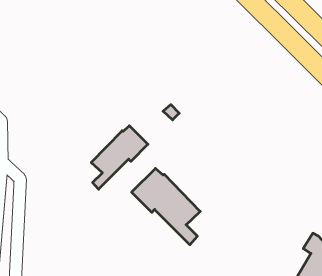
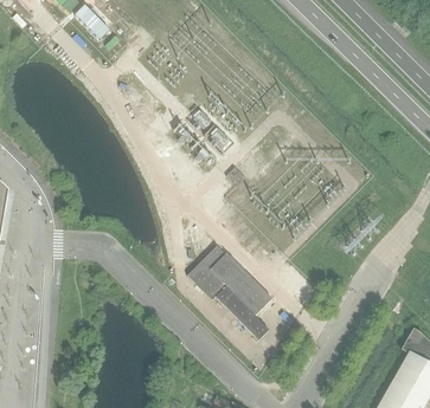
building: [91,126,148,189] -> none

